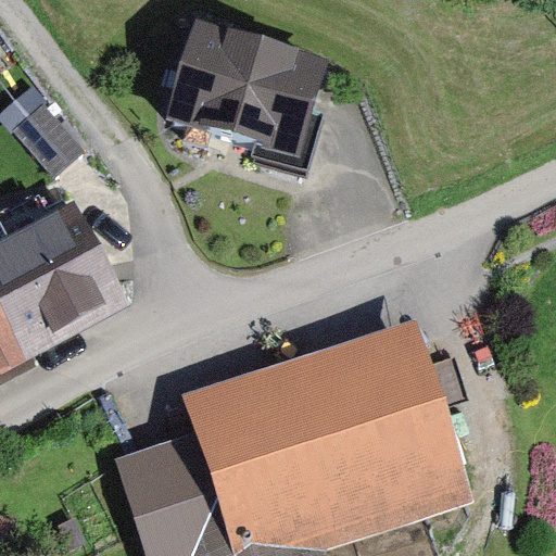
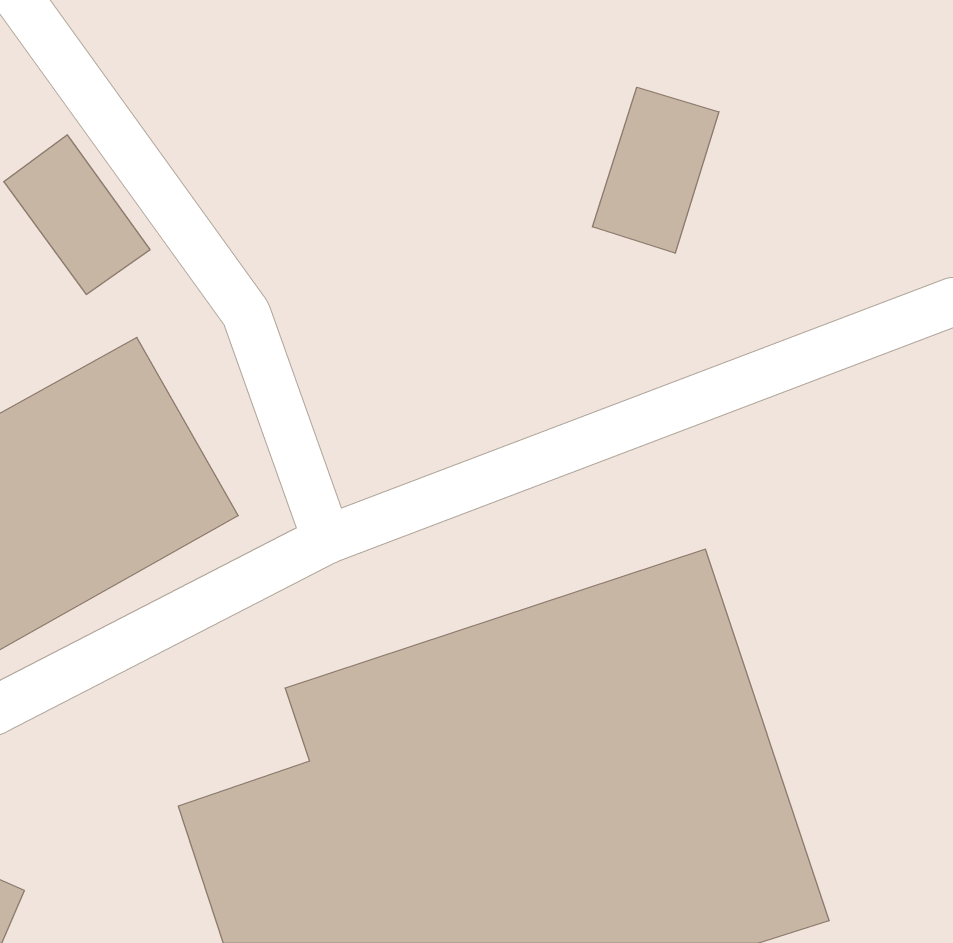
building: [161,18,330,163] -> none
building: none -> [592,87,719,253]

